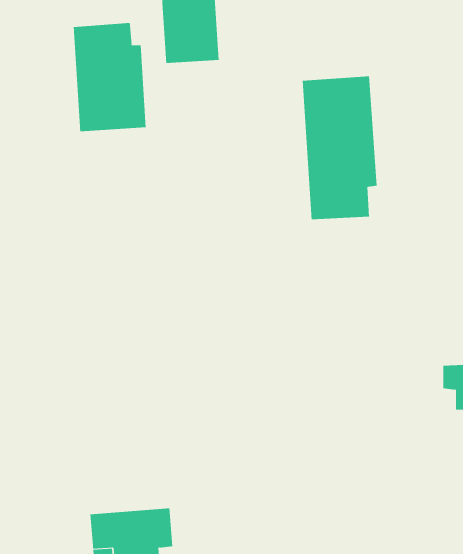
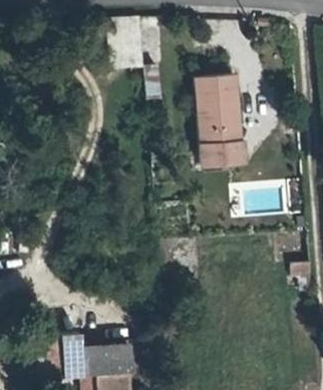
building: [73,22,146,132] -> none

